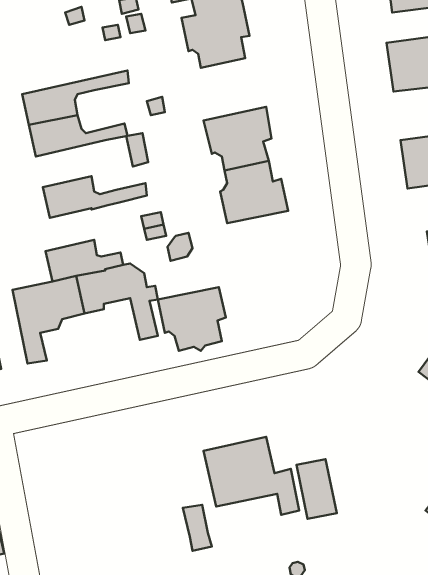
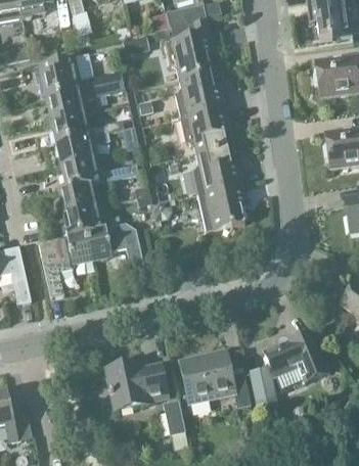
building: none -> [39,54,124,98]
building: none -> [175,72,226,118]
building: none -> [56,132,109,167]
building: none -> [58,180,111,214]
building: [158,287,226,351] -> [197,184,248,231]
building: none -> [264,336,327,381]
building: none -> [105,363,166,410]

